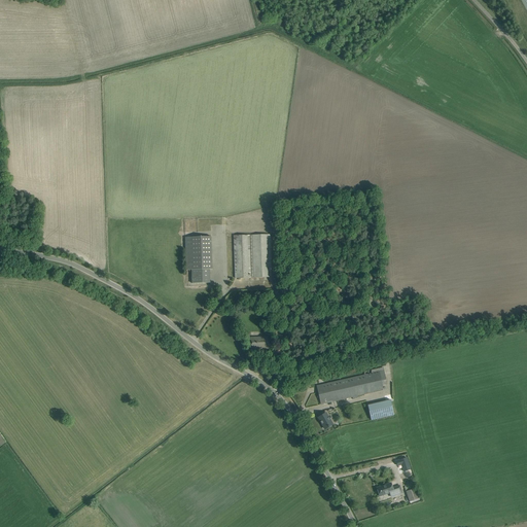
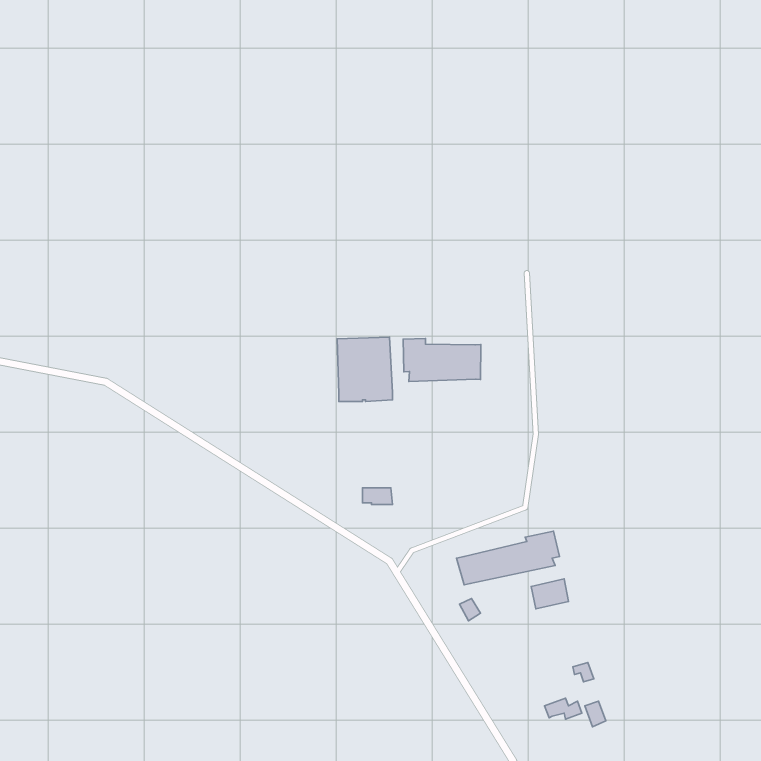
building: none -> [403,338,481,381]
building: [184,236,211,282] -> none

